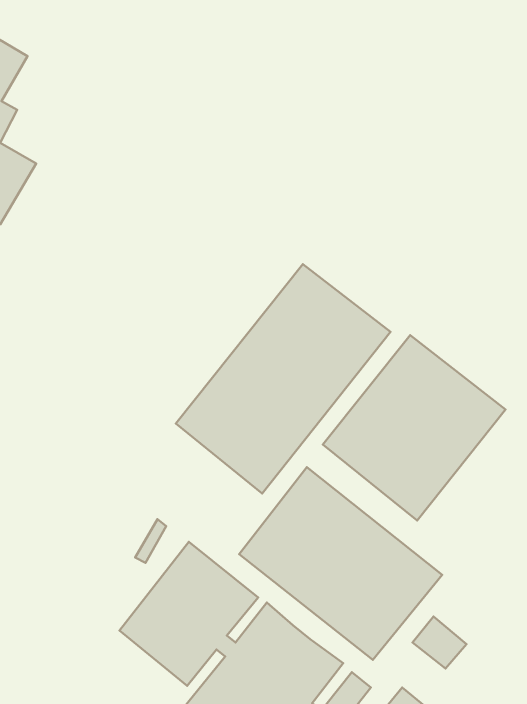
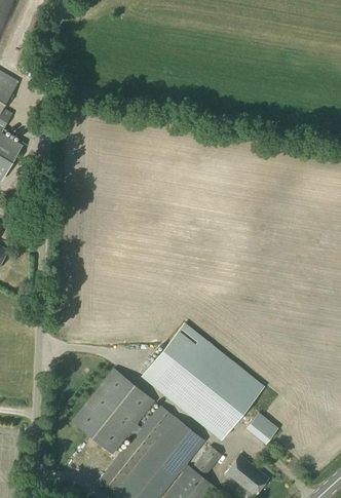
building: [176,264,391,493] -> none
building: [323,335,505,520] -> none

